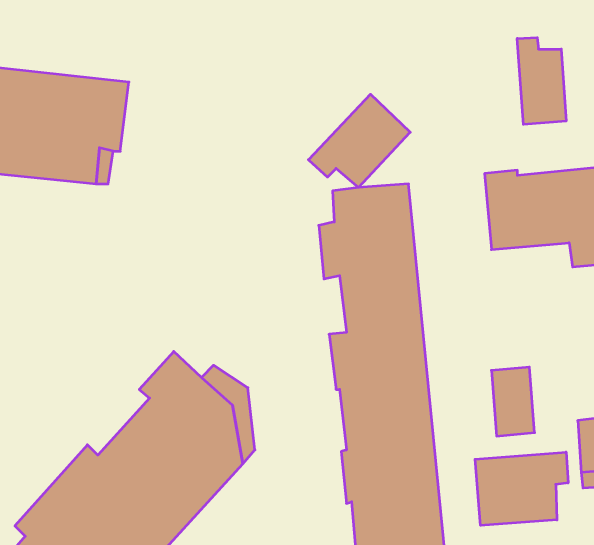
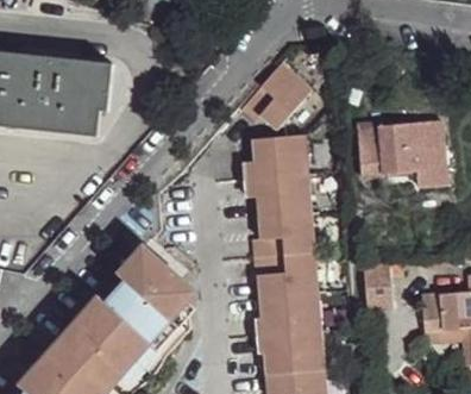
building: [517,38,566,124] -> none
building: [475,452,568,525] -> none

